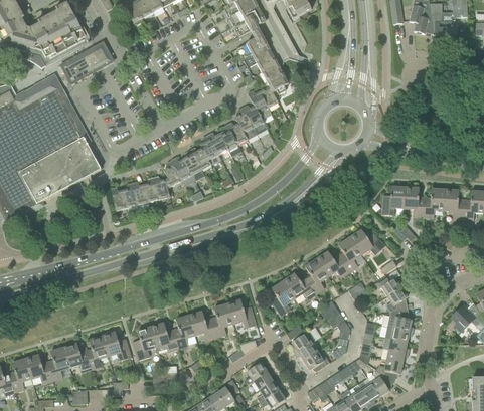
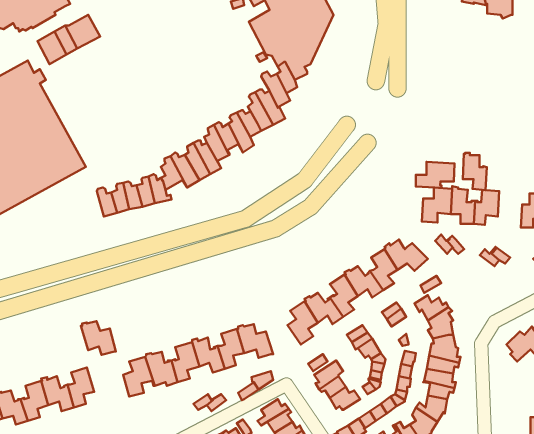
building: none -> [416,162,454,188]
building: [444,187,464,218] -> [463,153,487,190]
building: [102,331,131,359] -> [81,321,116,355]

